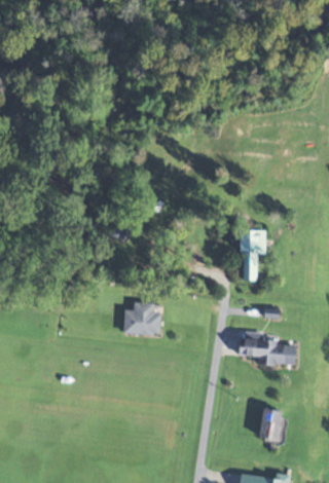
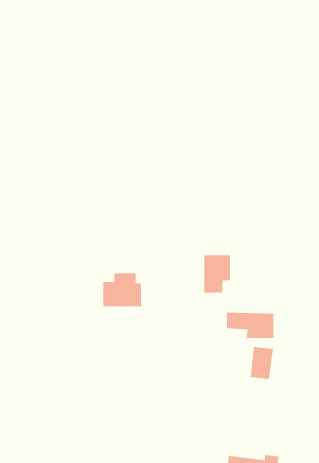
building: [241,229,266,265] -> [204,255,231,293]
building: [260,408,283,439] -> [250,347,274,379]

